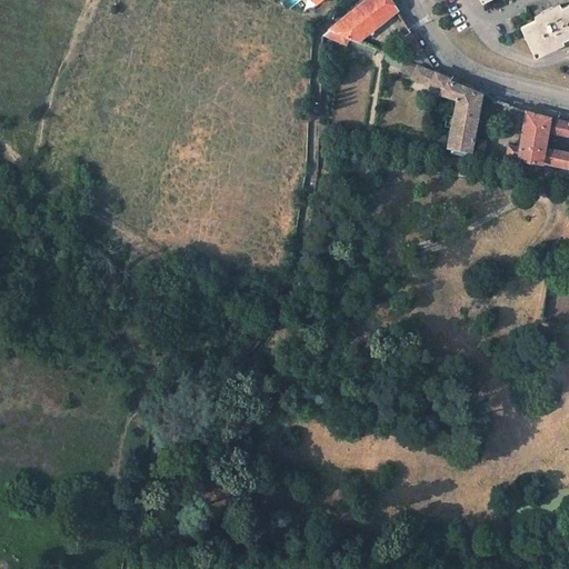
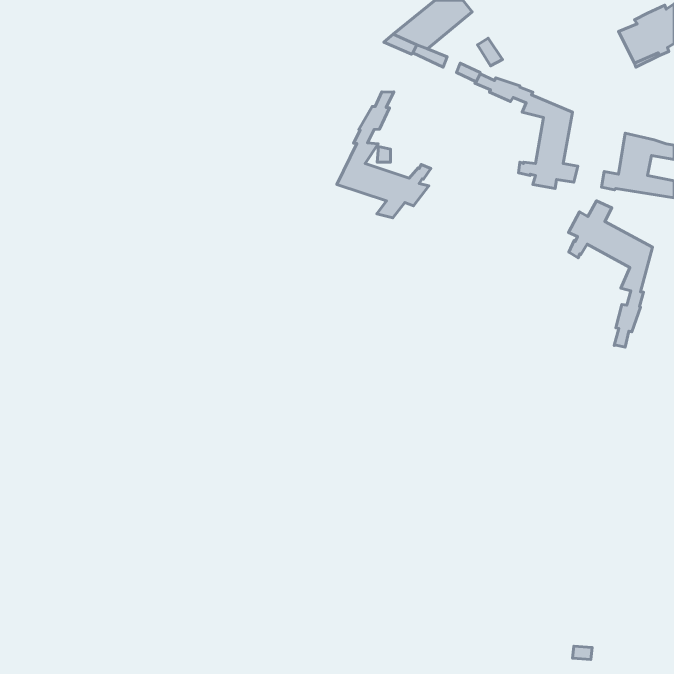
building: none -> [337,92,431,218]
building: none -> [568,201,653,347]

